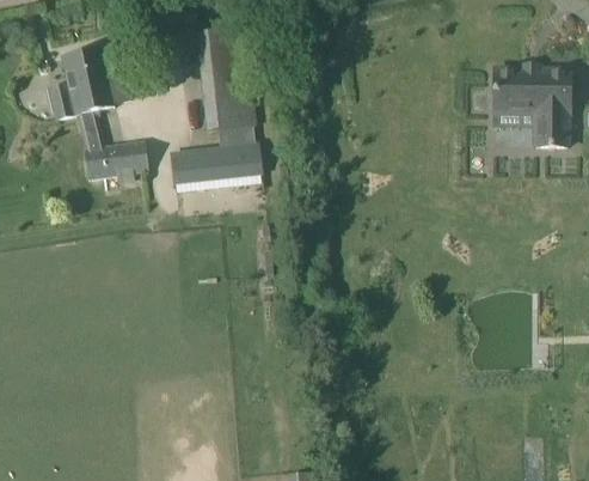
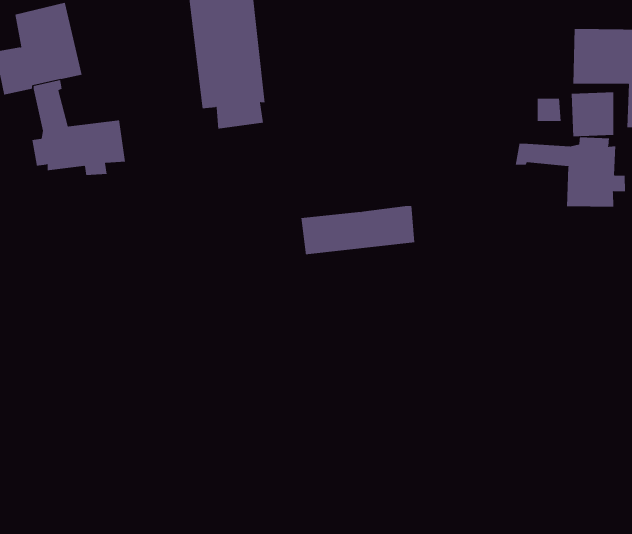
building: [172,142,260,181] -> [301,205,415,255]
building: none -> [515,137,626,208]

